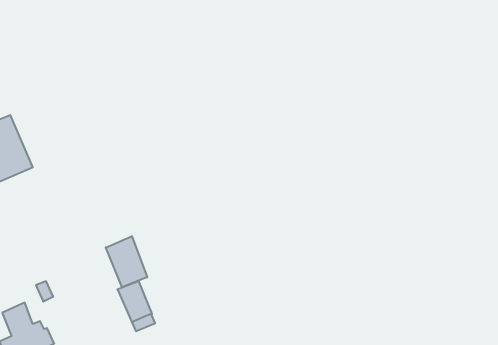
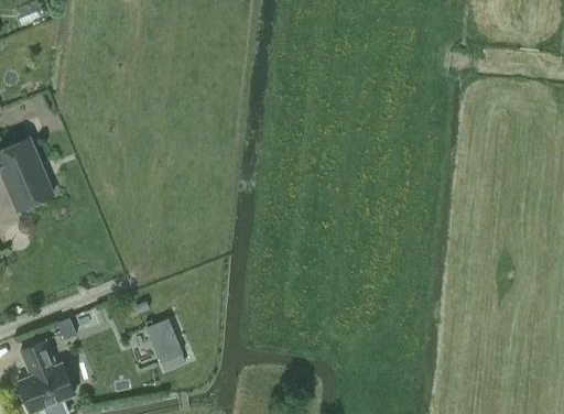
building: [106,236,147,288] -> none

